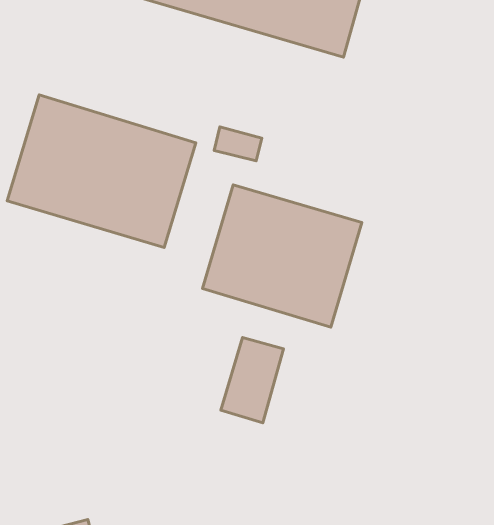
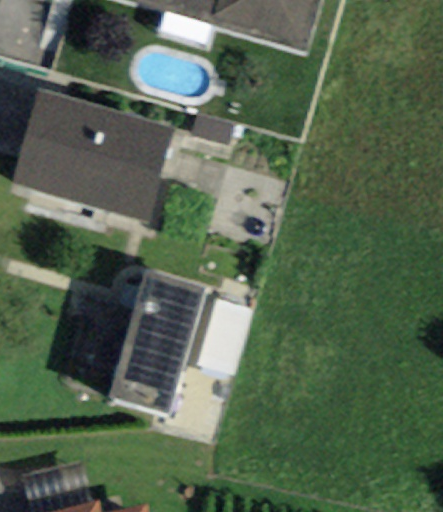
building: [203,185,362,327] -> none
building: none -> [107,269,205,416]

